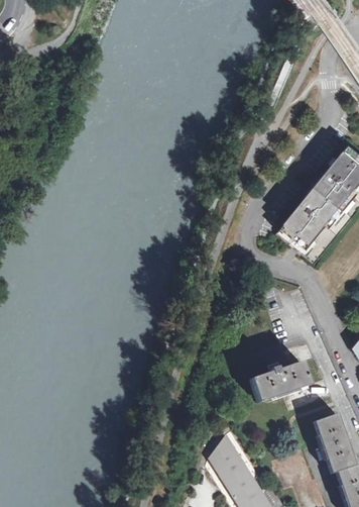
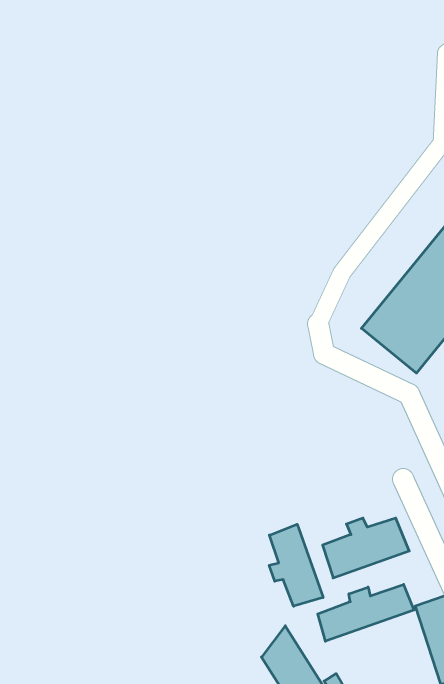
building: none -> [269,524,323,606]
building: none -> [318,584,414,641]

